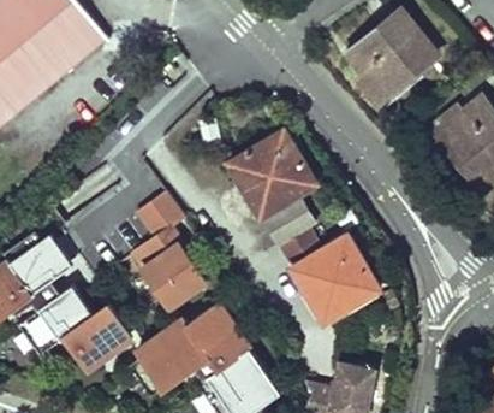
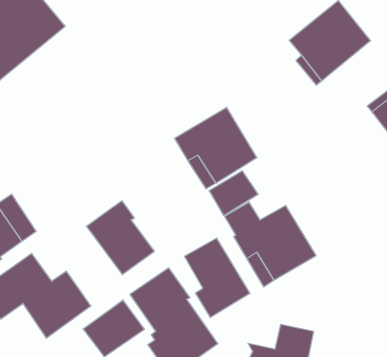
building: [136,191,183,238] -> none
building: none -> [185,238,250,318]

